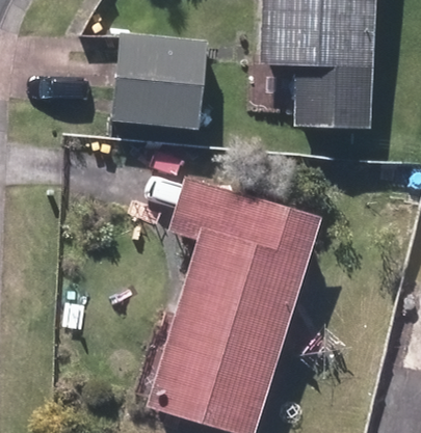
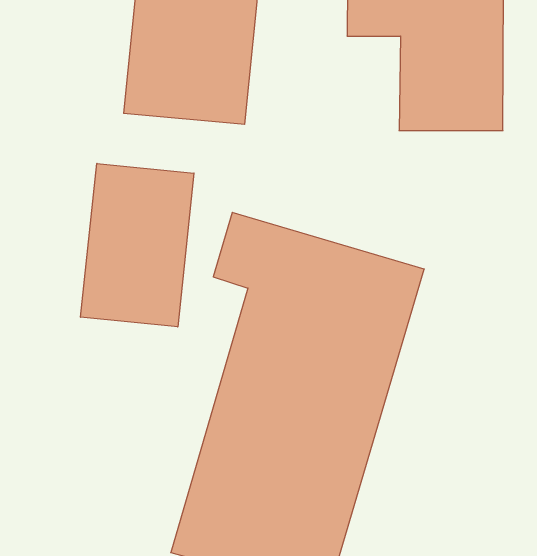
building: none -> [81,163,194,327]

